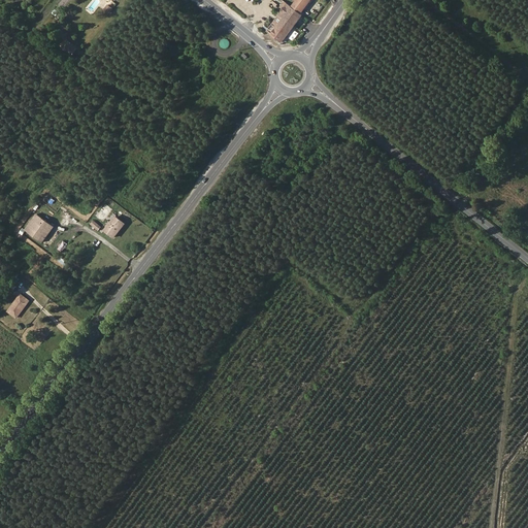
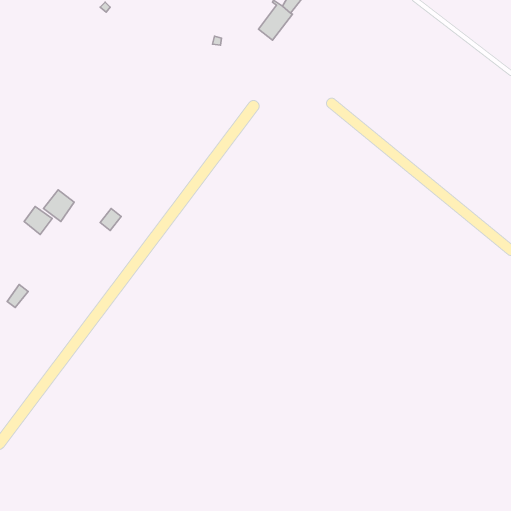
building: none -> [43,190,74,221]

